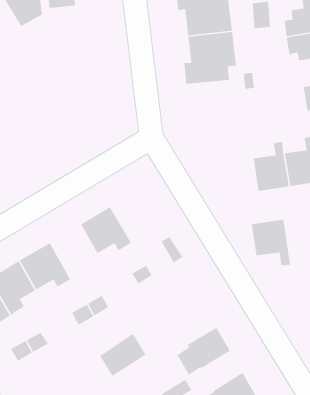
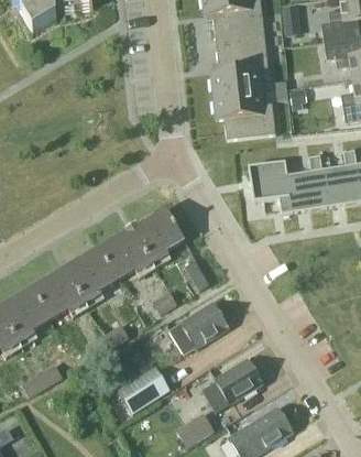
building: none -> [212,88,275,138]
building: none -> [130,206,183,266]
building: [251,219,291,266] -> [248,160,292,211]
building: none -> [64,246,116,306]
building: none -> [167,301,228,353]

